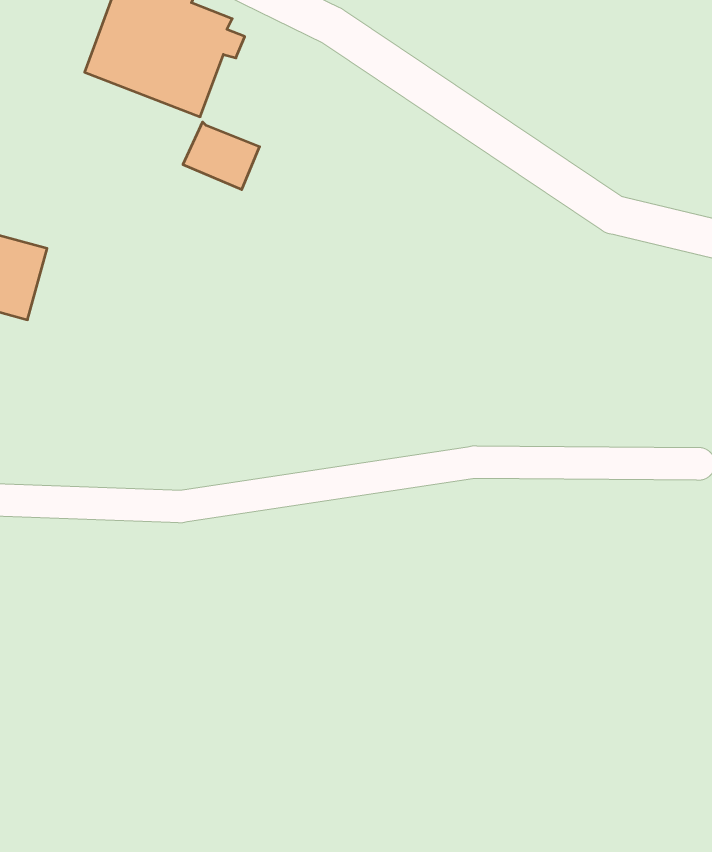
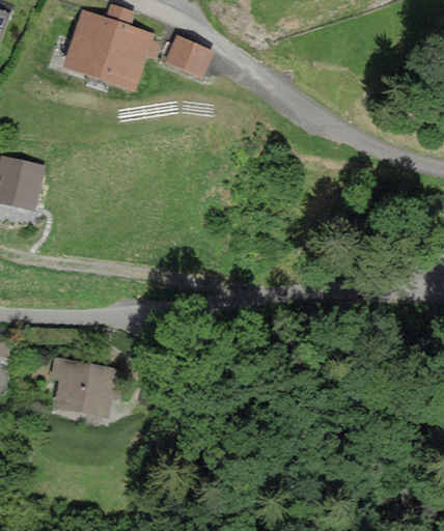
building: [183,122,260,190] -> [166,35,211,75]
building: none -> [53,359,113,412]

